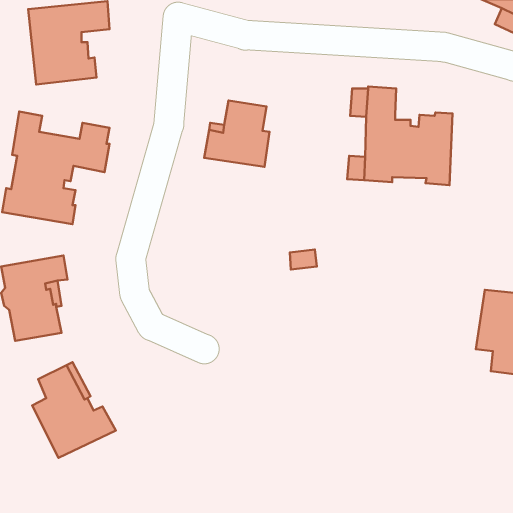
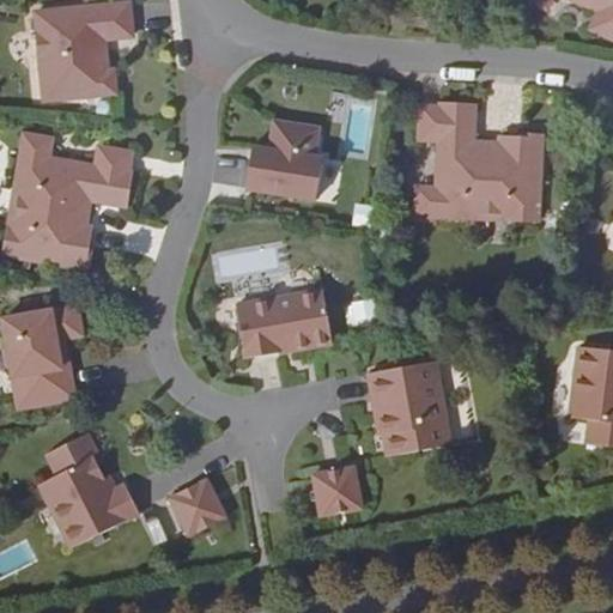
building: none -> [235,289,332,357]
building: none -> [368,359,451,455]
building: none -> [312,466,360,514]
building: none -> [169,477,226,533]

